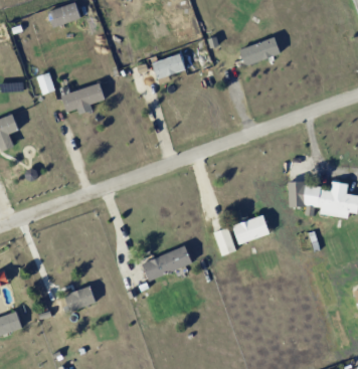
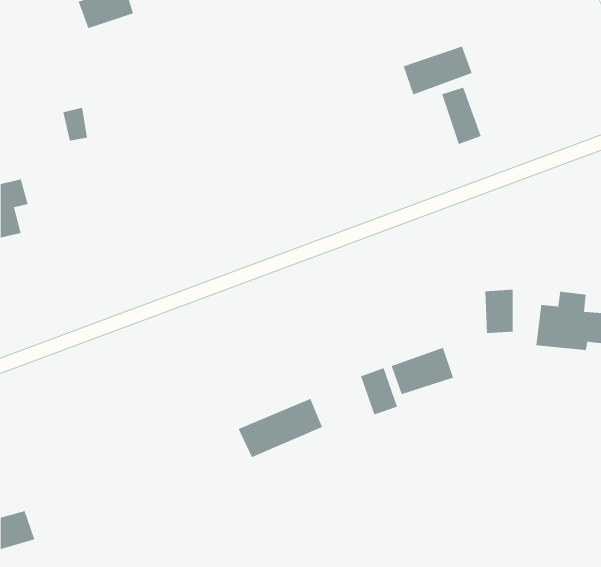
building: [153,54,185,78] -> none
building: none -> [441,87,482,145]
building: [61,82,106,112] -> none
building: [64,286,97,312] -> none

